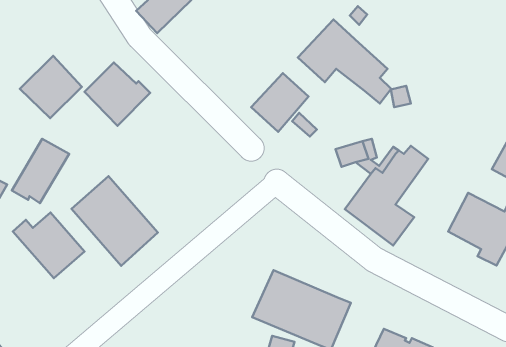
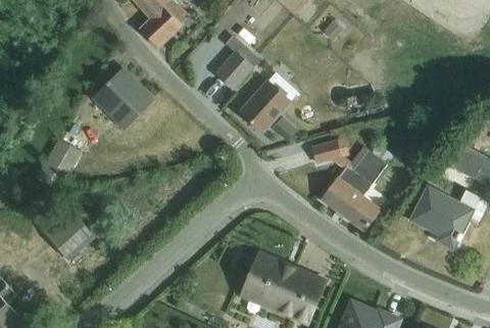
building: [298,19,391,103] -> none
building: none -> [215,43,259,89]
building: [20,56,82,118] -> none
building: [71,176,158,266] -> none

